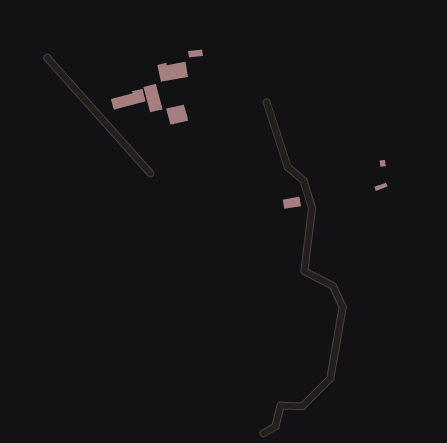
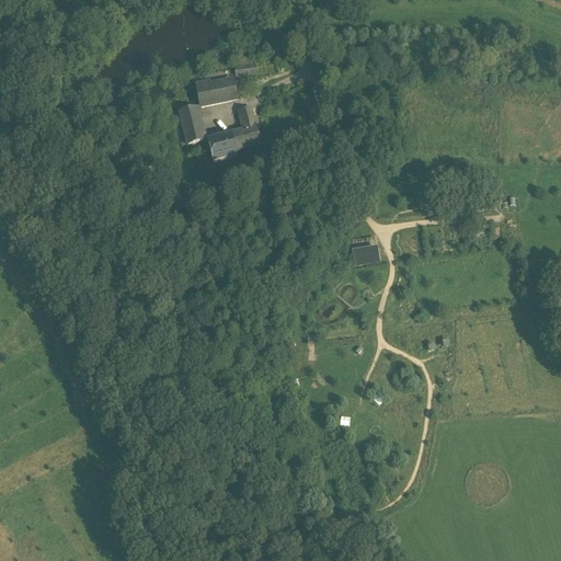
building: none -> [231,103,261,146]
building: [110,88,146,110] -> none

